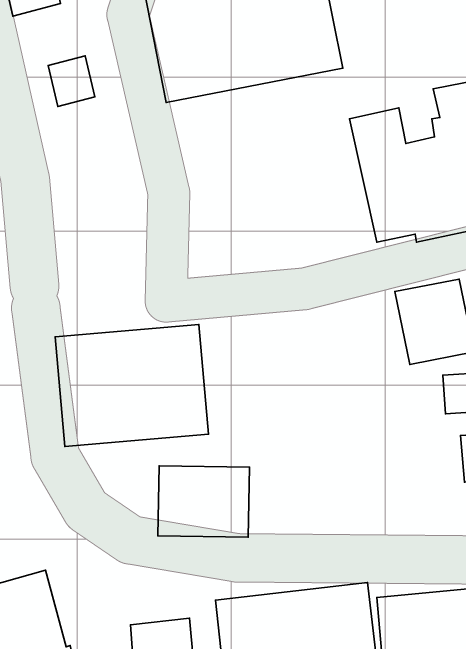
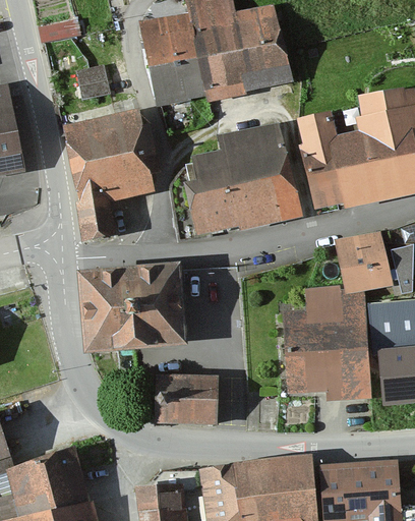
building: none -> [63,111,155,237]
building: none -> [186,119,304,237]
building: none -> [281,298,369,407]

